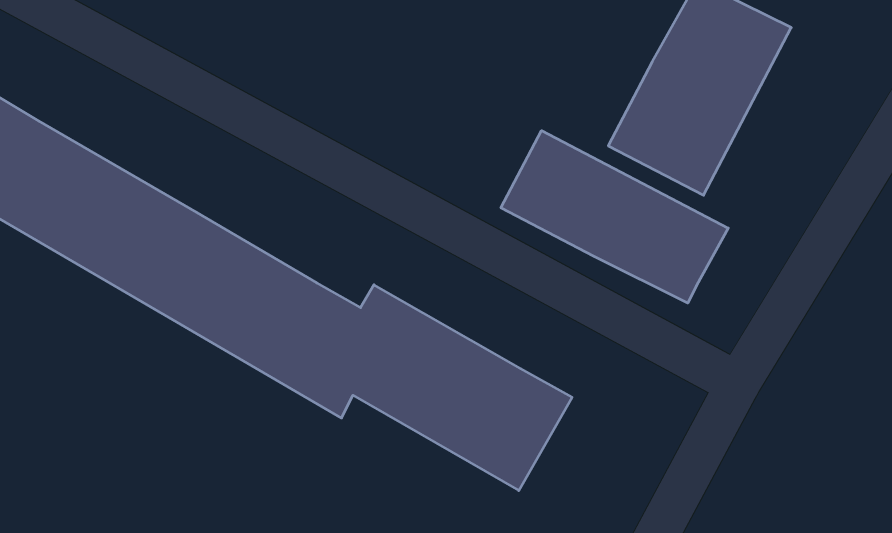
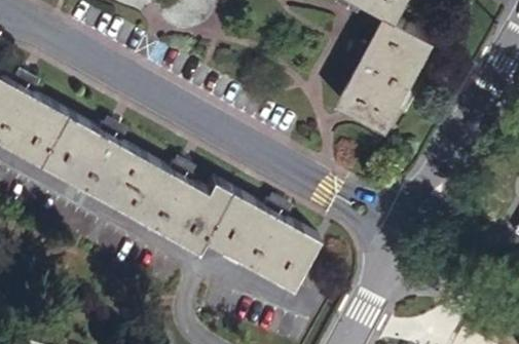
building: [501,131,728,303] -> none

